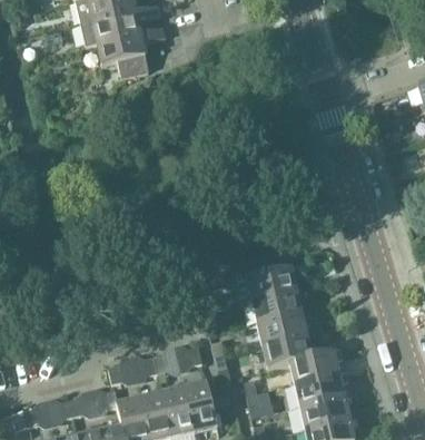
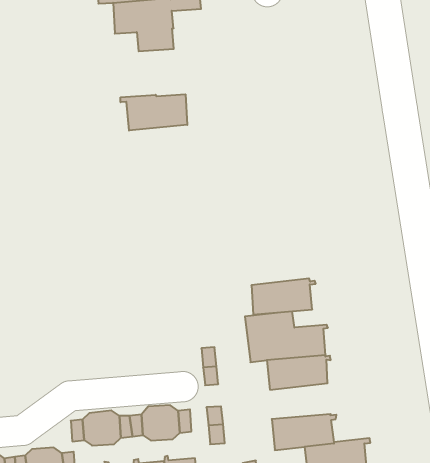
building: none -> [121,94,187,131]
building: [257,310,306,343] -> [251,278,316,315]

